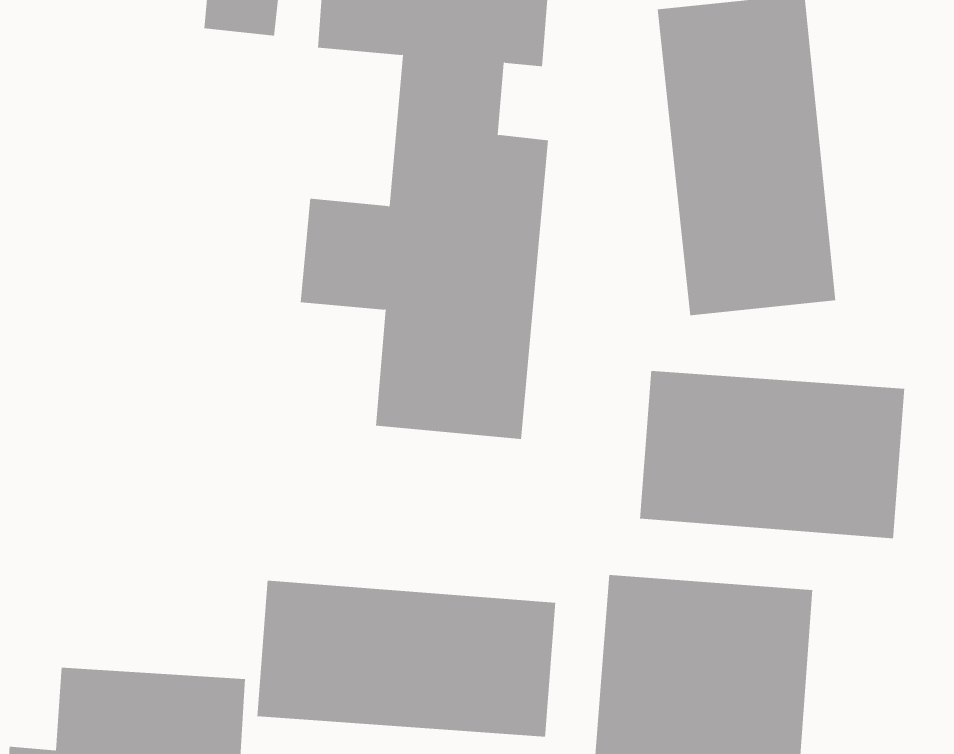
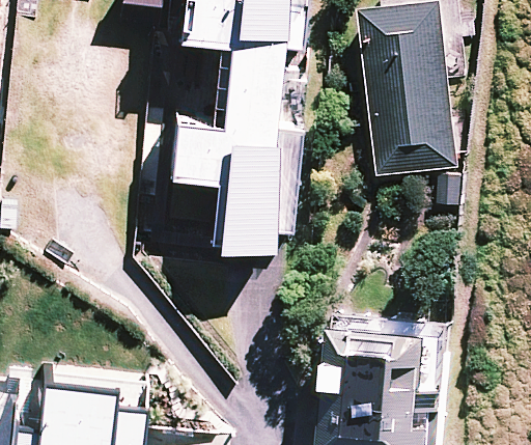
building: [639,370,905,539] -> none
building: [257,580,556,738] -> none

